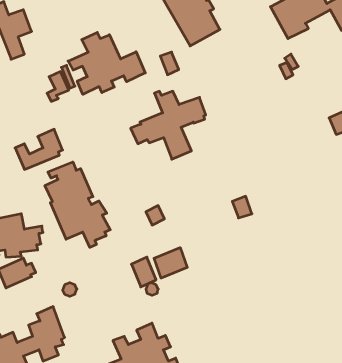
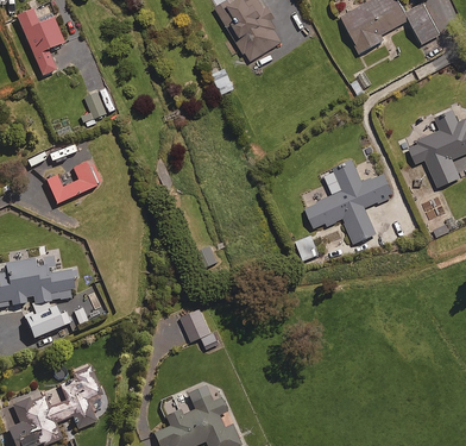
building: [68,32,145,94] -> none
building: [131,91,206,159] -> [306,167,392,245]
building: [45,162,110,247] -> none
building: [154,248,187,278] -> none

